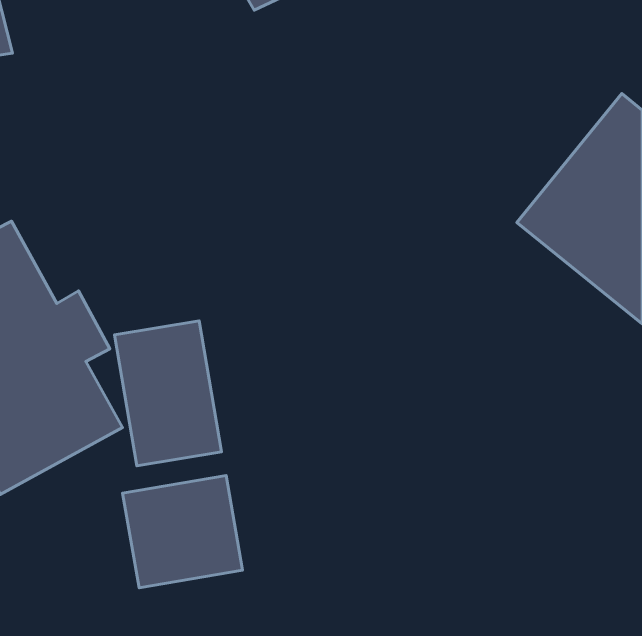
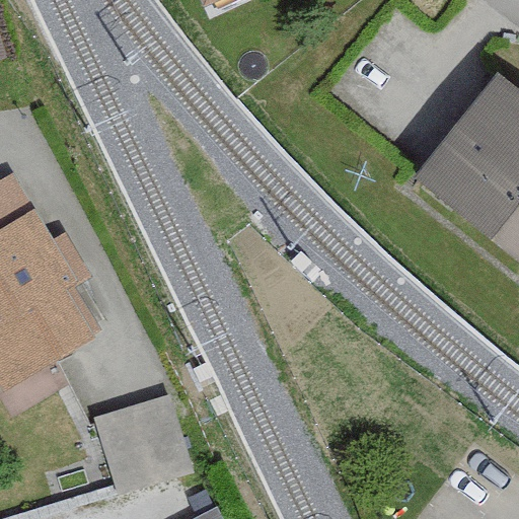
building: [115,321,222,466] -> none

